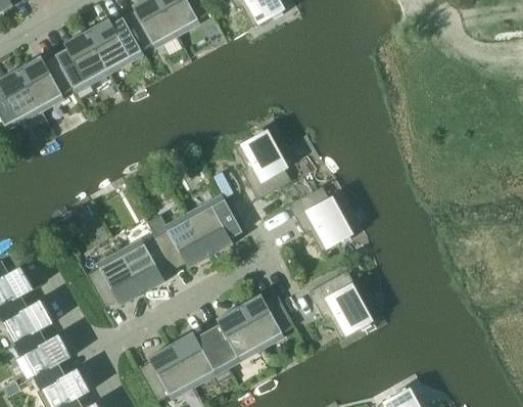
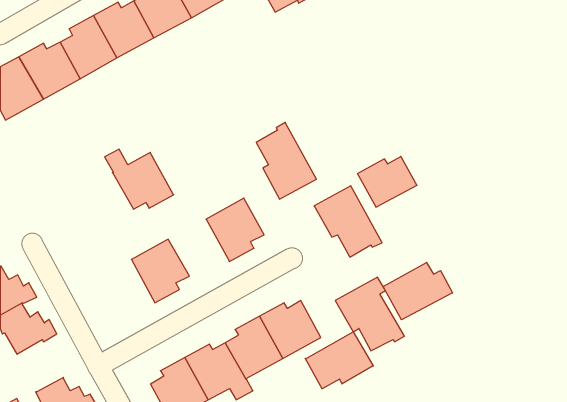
building: none -> [358,156,417,207]
building: [149,213,212,268] -> [105,149,174,209]
building: [88,253,144,306] -> none
building: none -> [383,262,453,320]
building: none -> [305,332,373,389]
building: [15,326,73,374] -> none

